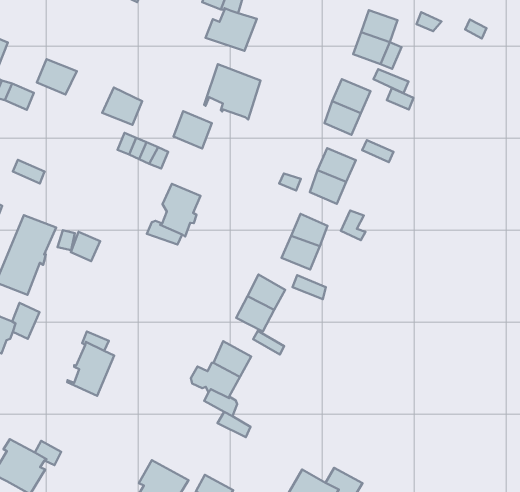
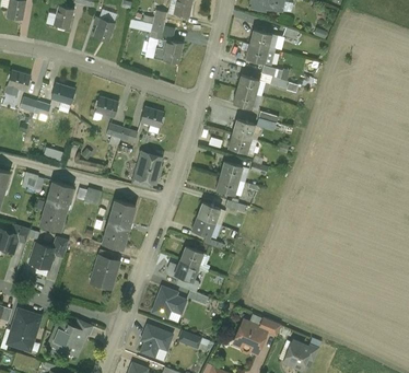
building: [204,64,261,120] -> none
building: none -> [102,200,136,249]
building: none -> [153,287,187,318]

